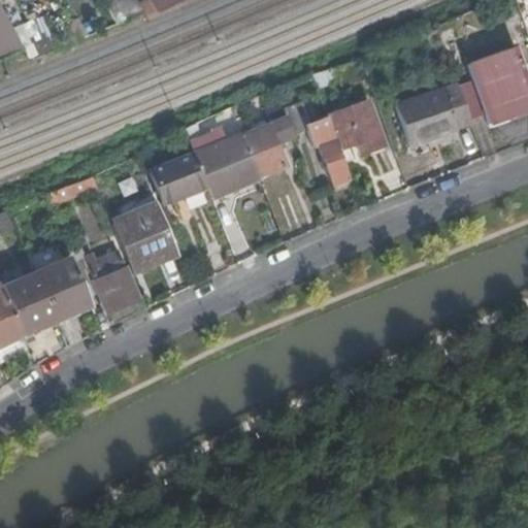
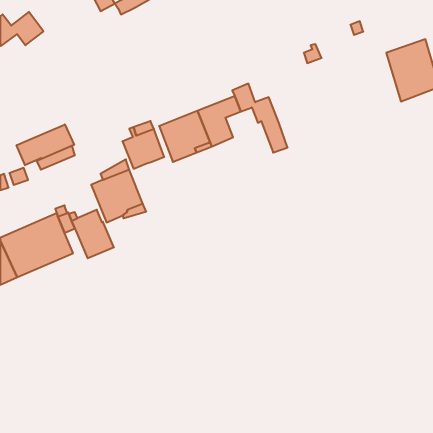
building: [396,80,472,143] -> none
building: [328,102,386,156] -> none
building: none -> [17,124,74,165]

